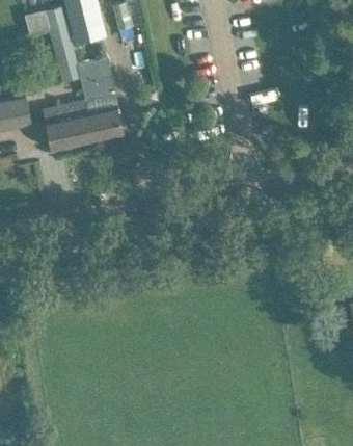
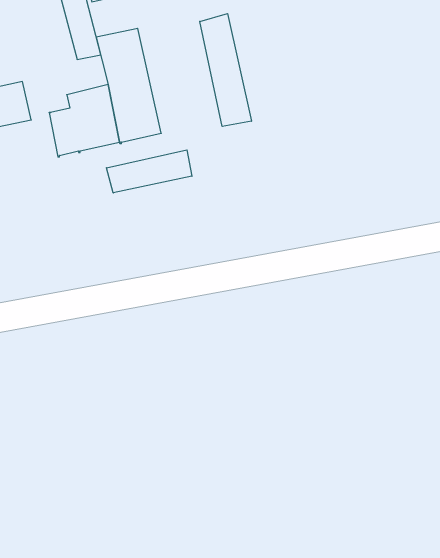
building: none -> [200,14,251,126]
building: none -> [106,150,192,193]

